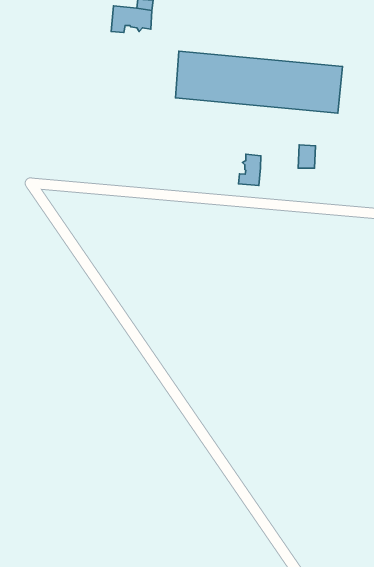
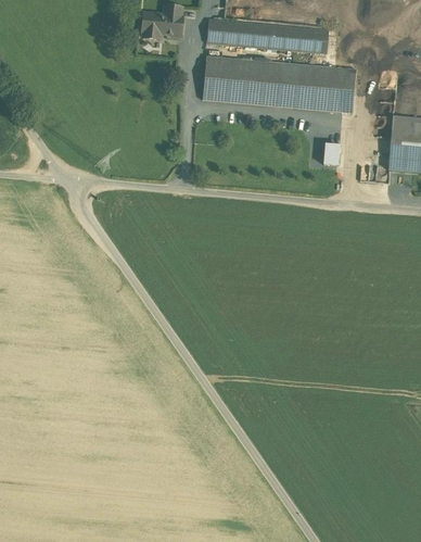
building: none -> [206,18,328,52]
building: [238,154,261,186] -> none

